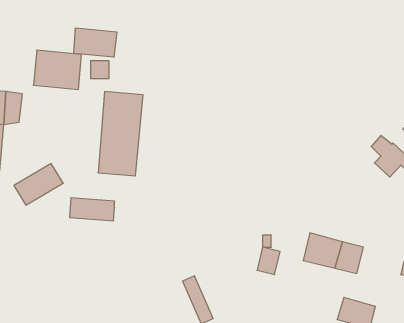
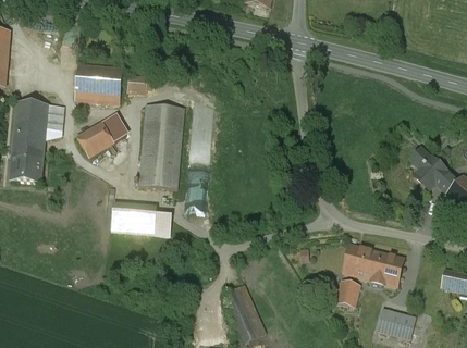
building: [74,28,117,57] -> none
building: [14,164,63,205] -> [76,115,125,157]
building: [257,247,280,275] -> [336,279,359,307]

